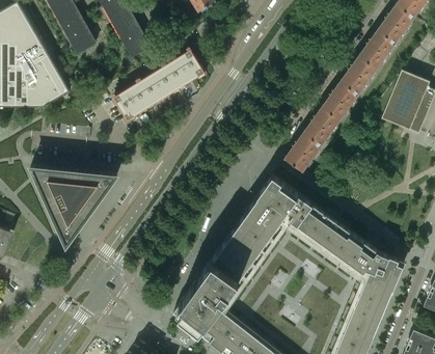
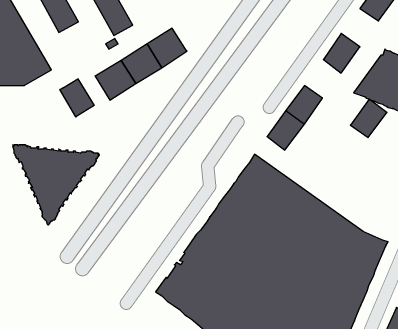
building: [358,29,396,67] -> none
building: [322,80,358,118] -> [350,99,387,138]
building: none -> [60,79,94,117]

